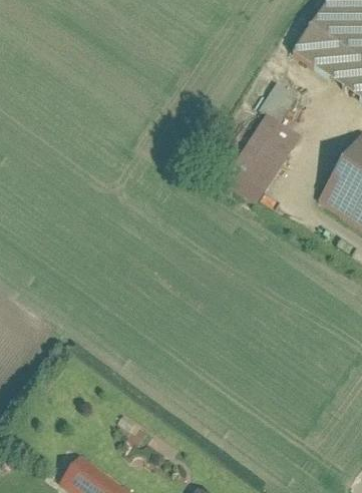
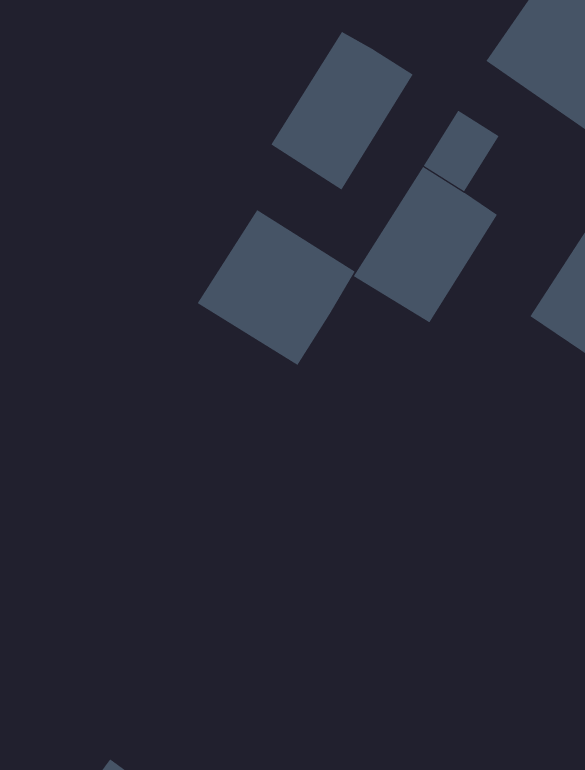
building: none -> [271,31,413,190]
building: none -> [197,209,356,366]

